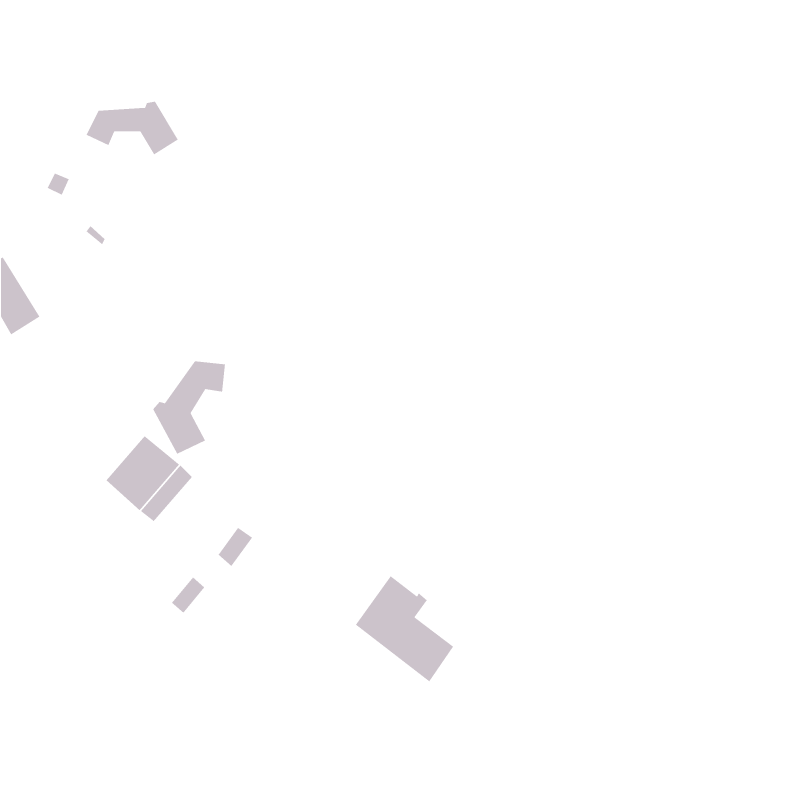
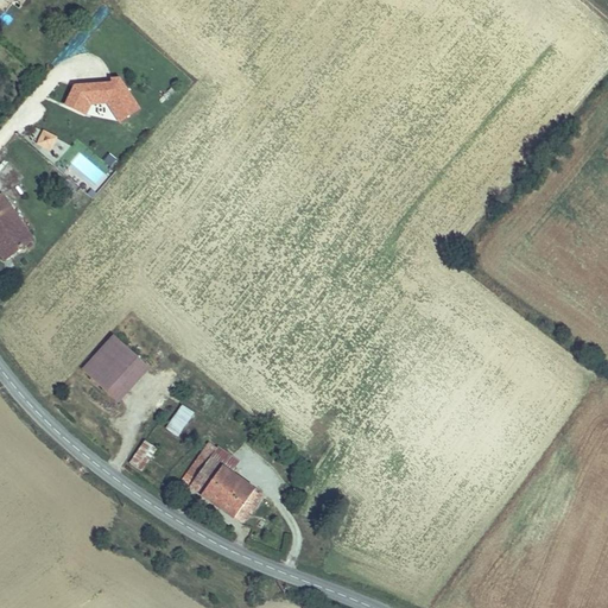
building: [152,360,226,455] -> none
building: [355,575,454,682] -> [185,443,261,525]

